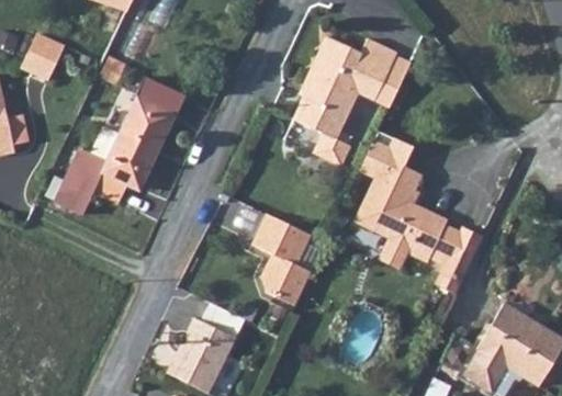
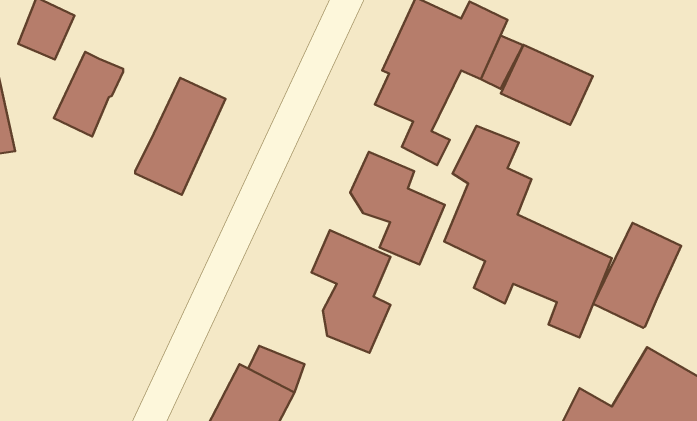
building: none -> [501,45,593,125]
building: none -> [350,152,445,265]
building: [57,154,111,219] -> [54,52,123,137]
building: none -> [593,223,681,328]

